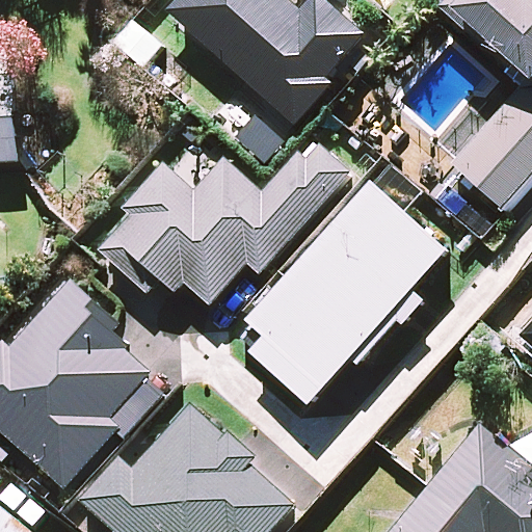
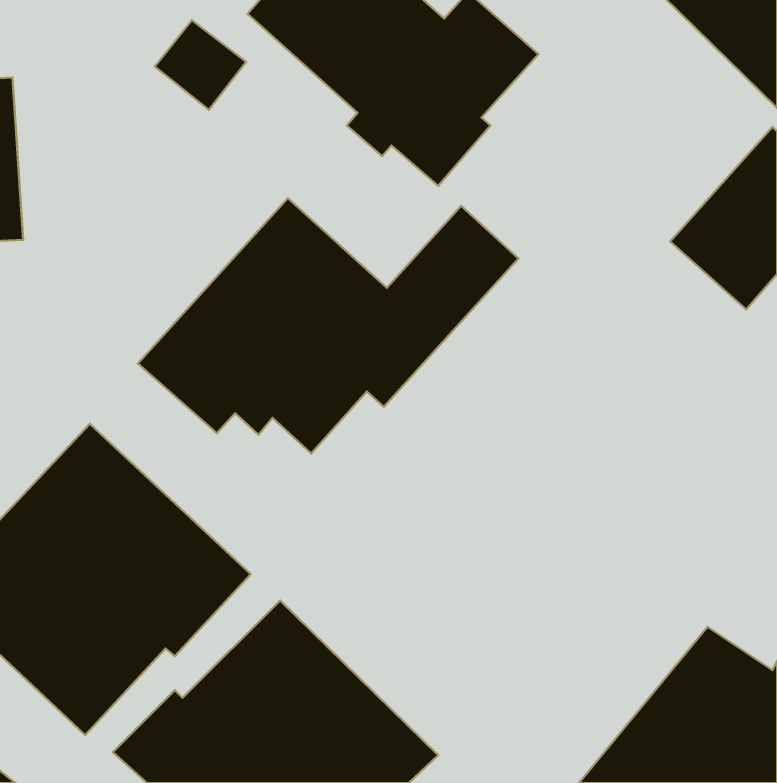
building: [247,182,452,403] -> none

